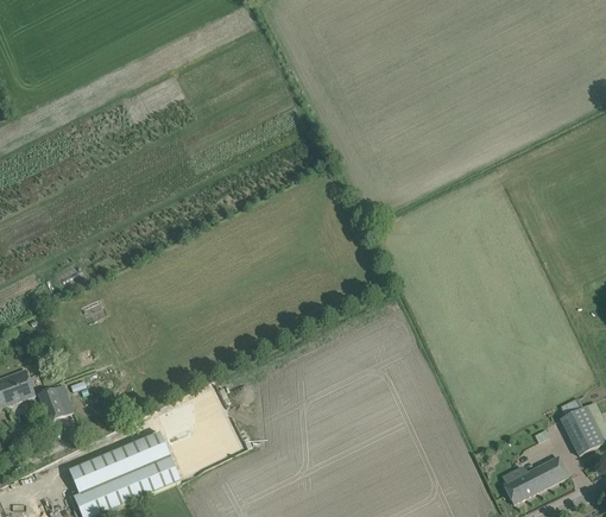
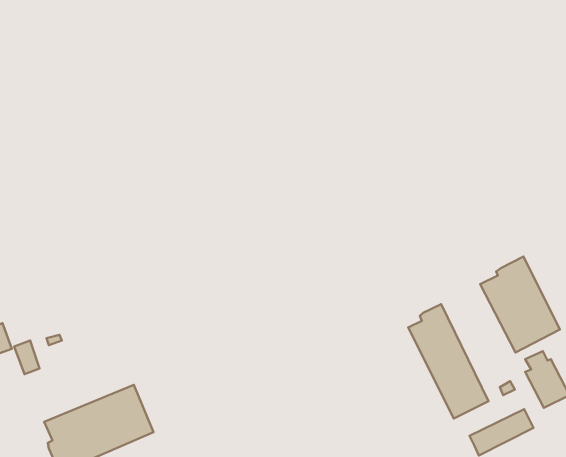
building: none -> [480,257,560,352]
building: none -> [408,304,489,419]

